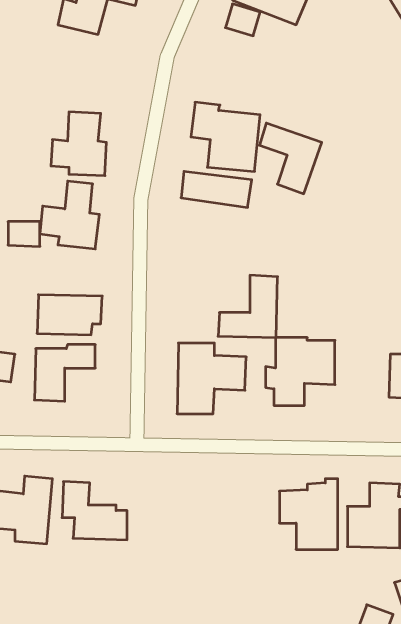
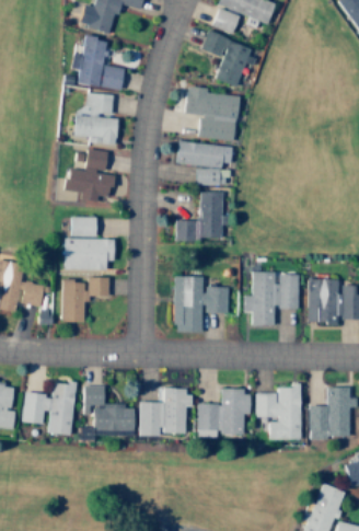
building: none -> [70,36,124,89]
building: [259,123,322,194] -> [201,31,251,86]
building: none -> [196,168,229,185]
building: [8,222,40,246] -> [71,217,96,236]
building: [218,275,278,338] -> [175,191,222,240]
building: none -> [308,278,338,323]
building: none -> [139,388,190,436]
building: none -> [197,390,251,437]

